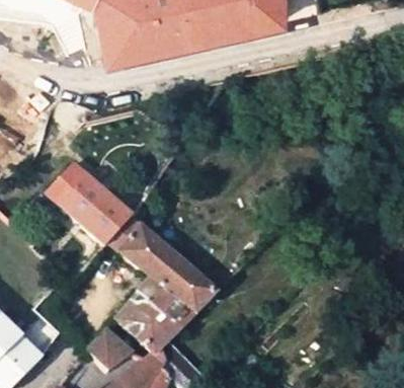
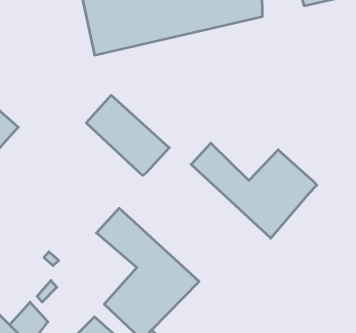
building: none -> [191,143,317,238]
building: [48,166,133,248] -> [86,95,169,175]

